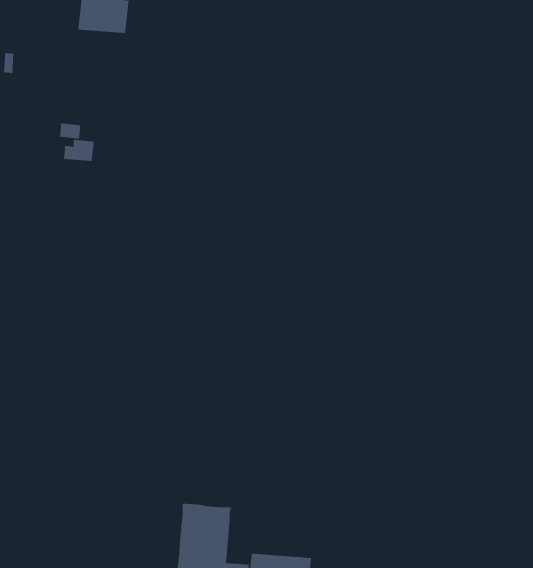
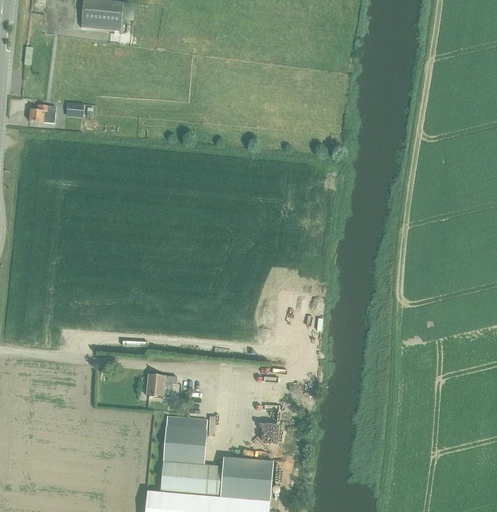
building: [63,139,95,162] -> [29,104,55,123]
building: none -> [146,374,176,398]

